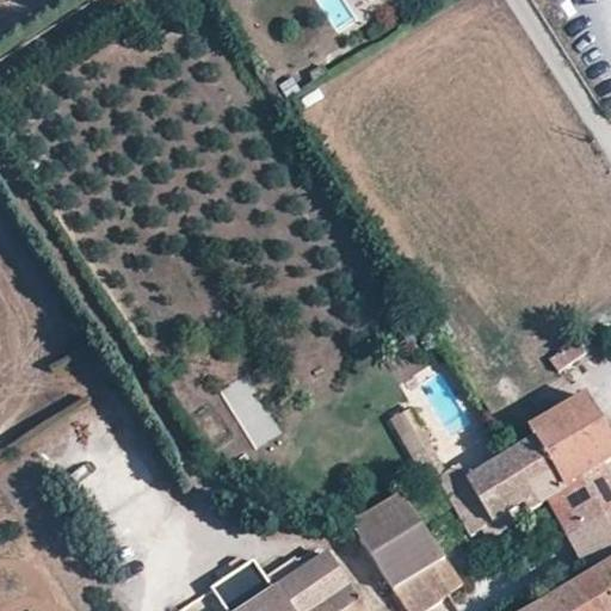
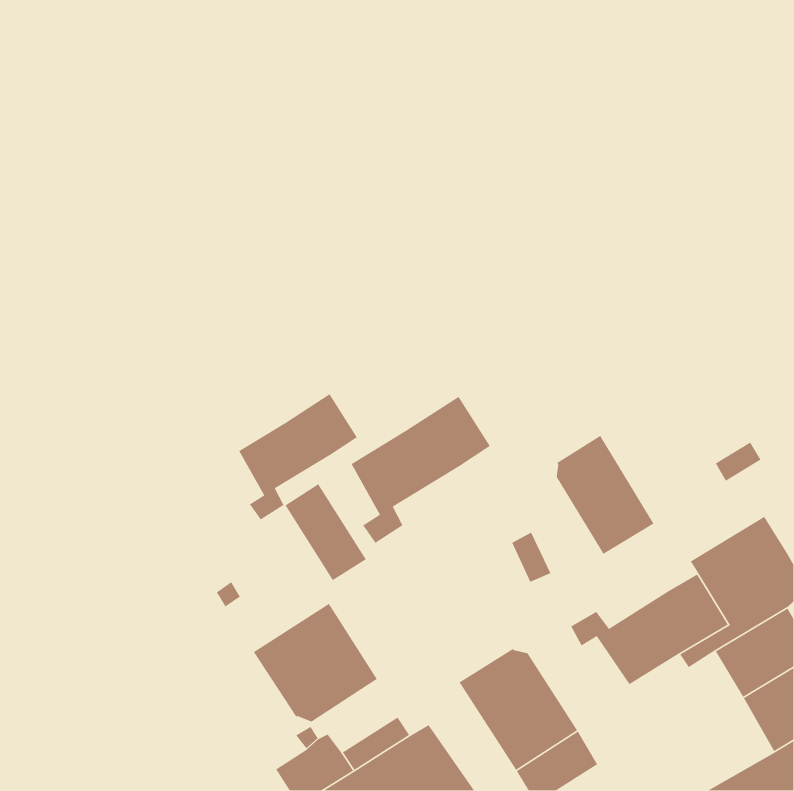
building: none -> [238,393,358,521]
building: none -> [351,396,491,544]
building: none -> [556,435,655,555]
building: none -> [253,603,378,722]

